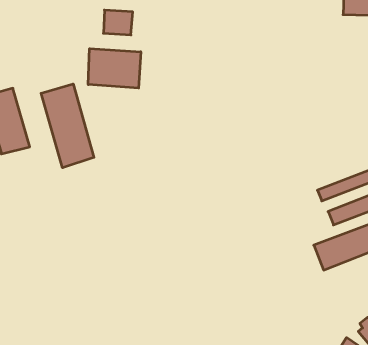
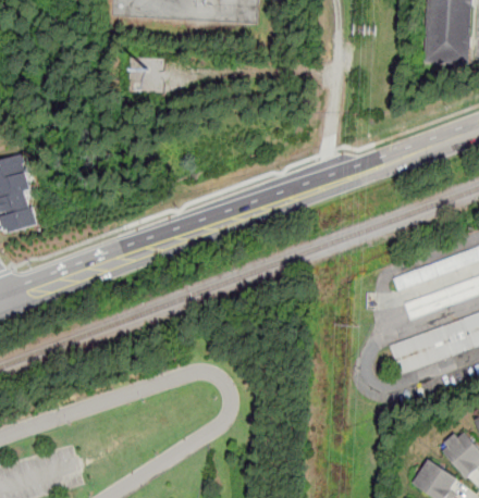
building: [88,49,141,88] -> none
building: [41,84,94,168] -> none

